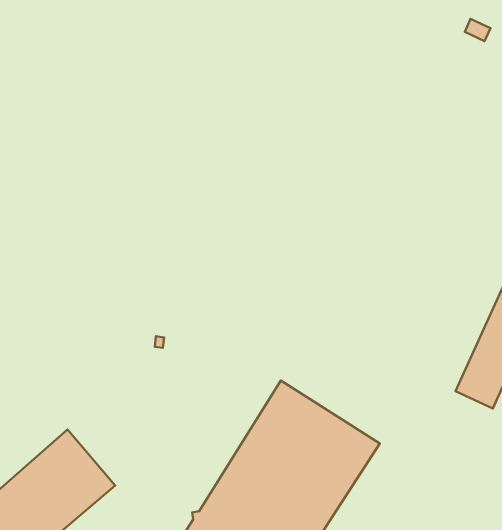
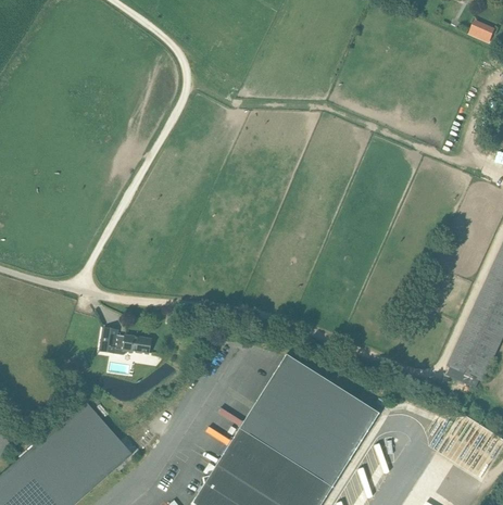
building: none -> [100,328,151,355]

